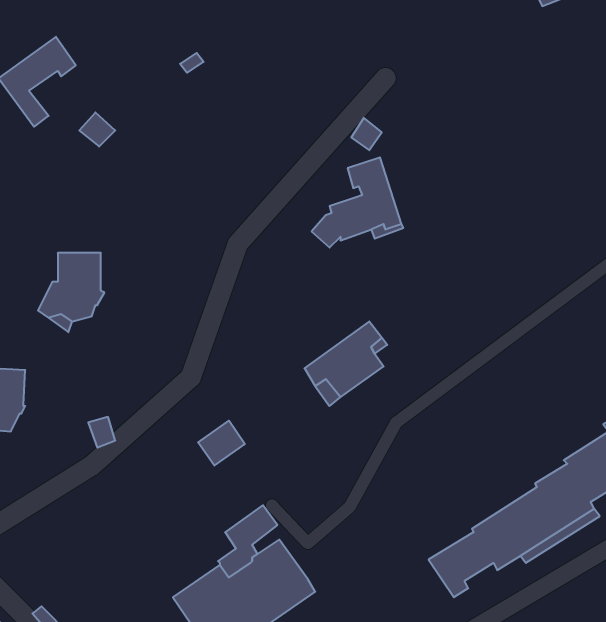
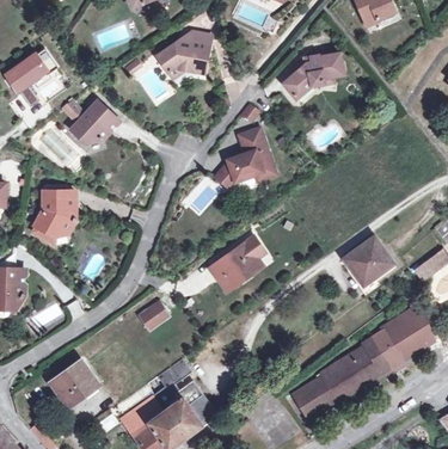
building: none -> [158,31,211,75]
building: none -> [282,51,343,97]
building: none -> [72,100,119,144]
building: none -> [343,235,393,284]
building: none -> [50,359,97,405]

